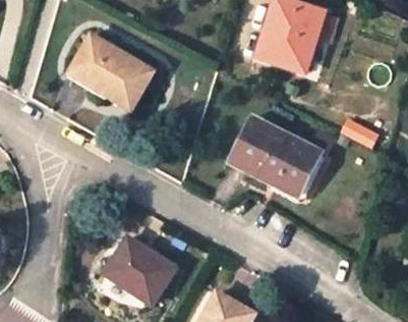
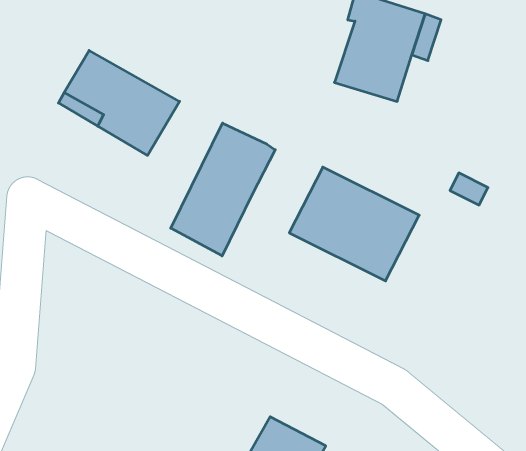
building: none -> [171,123,275,256]
building: [103,237,174,304] -> none

